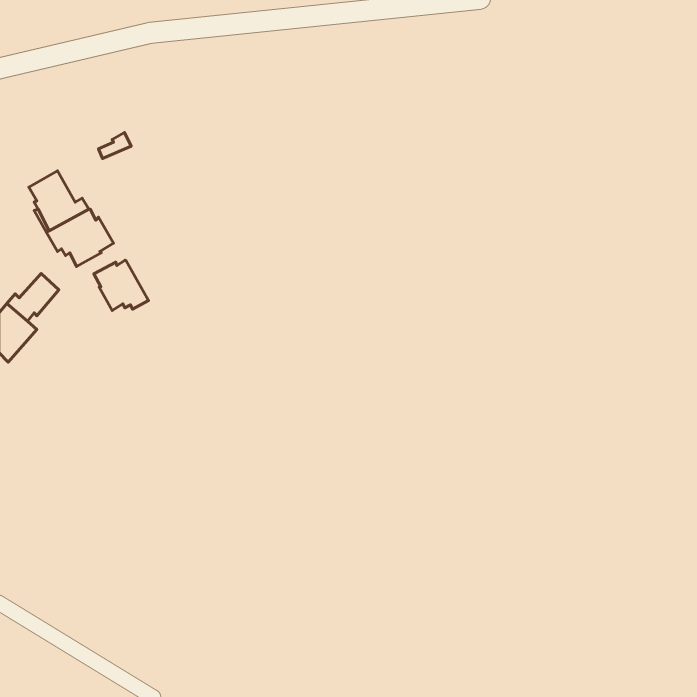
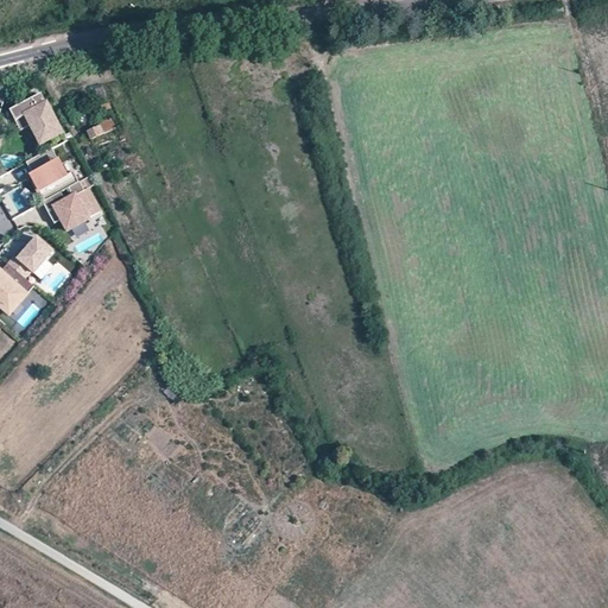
building: none -> [10,91,62,142]
building: [94,260,148,310] -> none

